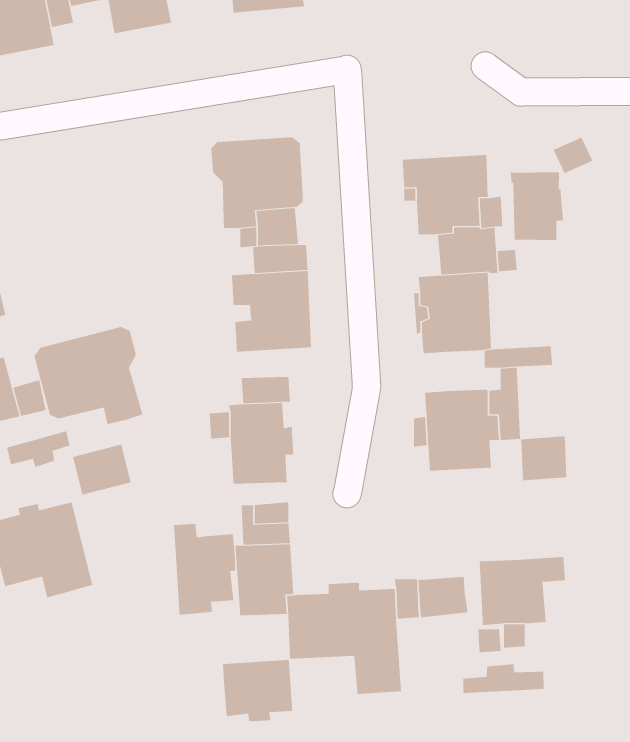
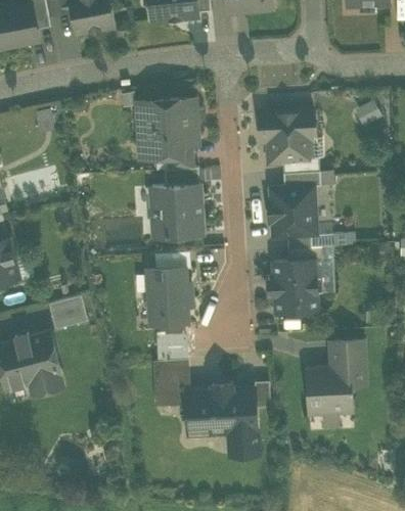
building: [510,171,564,241] -> none
building: [34,326,143,425] -> none
building: none -> [286,236,321,262]
building: [7,430,70,468] -> none
building: [521,436,567,481] -> [332,340,362,369]
building: [174,523,236,616] -> none
building: [418,576,468,618] -> none
building: [222,659,293,722] -> none
building: [463,663,544,694] -> none

